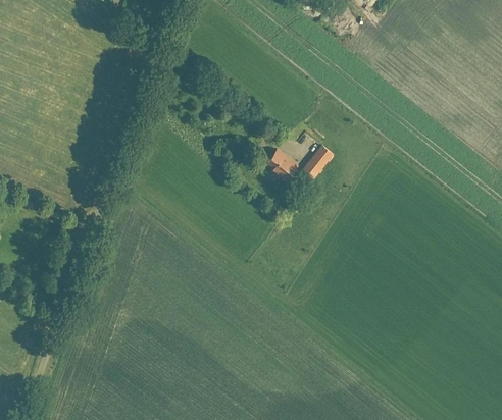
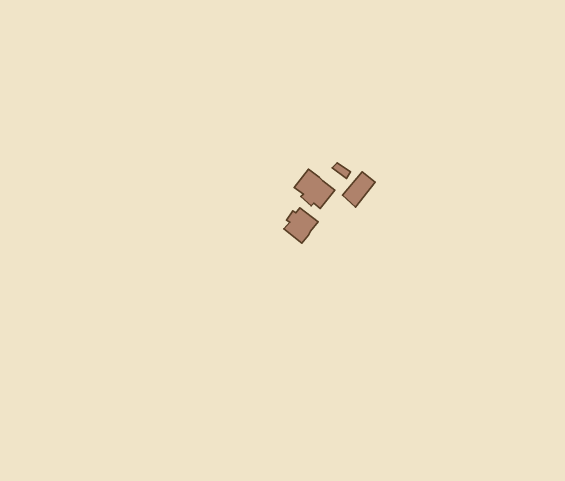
building: none -> [284,208,318,243]

